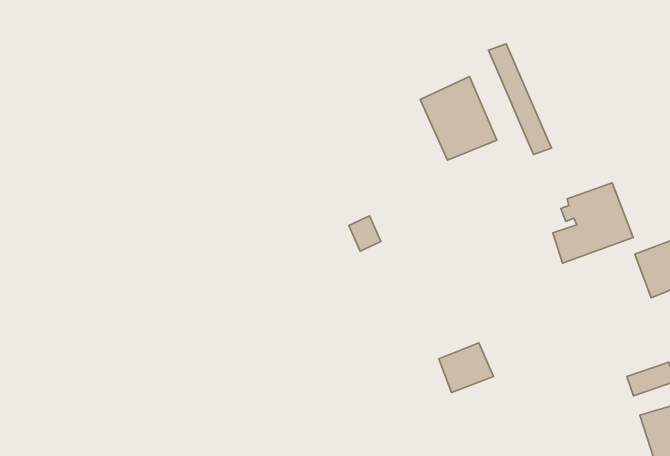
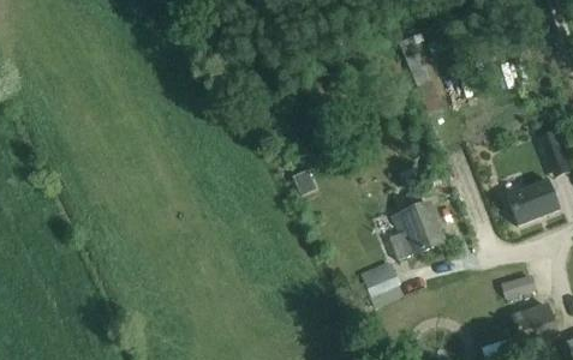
building: [420,77,497,160] -> none
building: [553,183,633,263] -> [387,199,447,259]

